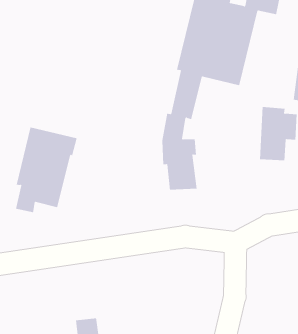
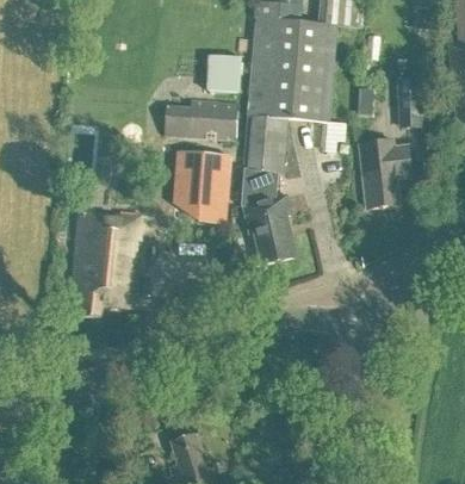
building: none -> [207,55,240,92]
building: none -> [165,100,237,139]
building: none -> [174,149,231,223]

